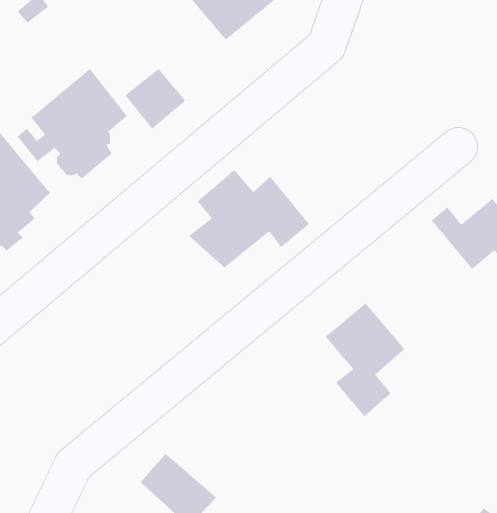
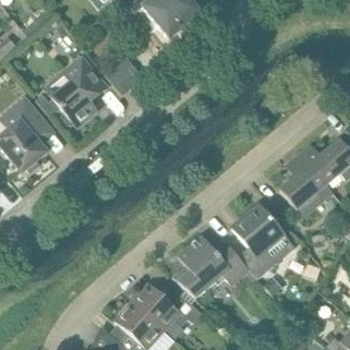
building: [188,169,310,268] -> [172,234,250,298]
building: none -> [279,153,326,216]
building: none -> [131,281,202,329]

